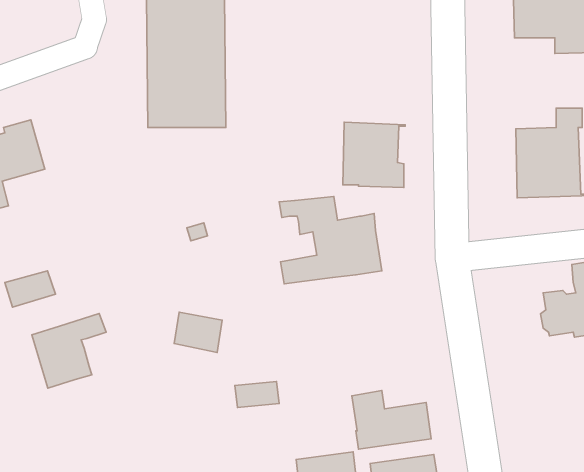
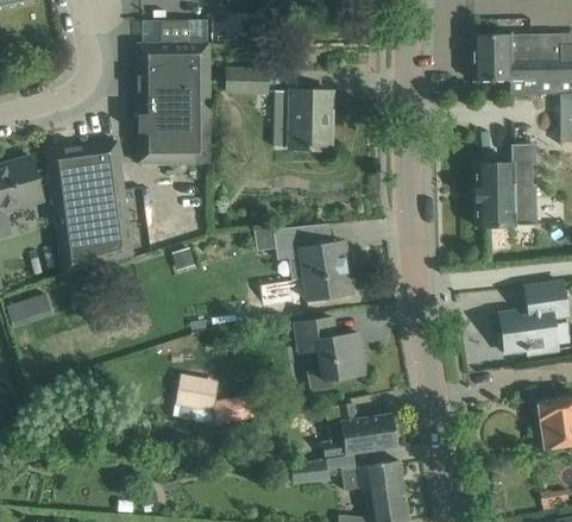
building: none -> [227,69,269,92]
building: none -> [48,140,133,275]
building: [343,122,405,187] -> [276,89,333,149]
building: none -> [296,316,366,390]
building: [174,312,222,353] -> [175,373,219,410]
building: [32,314,106,388] -> none

